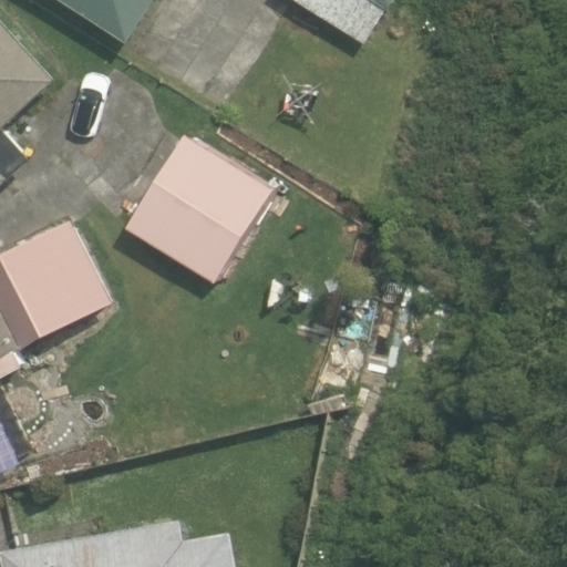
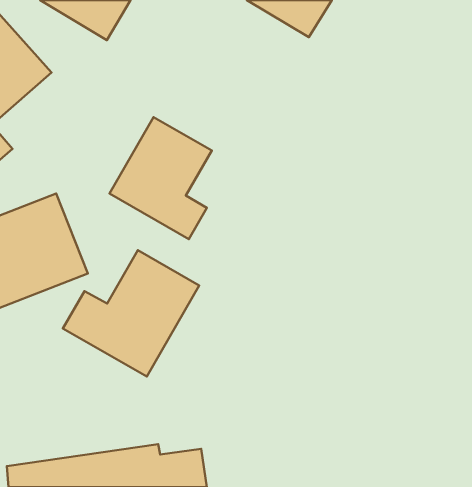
building: none -> [63,250,199,377]

